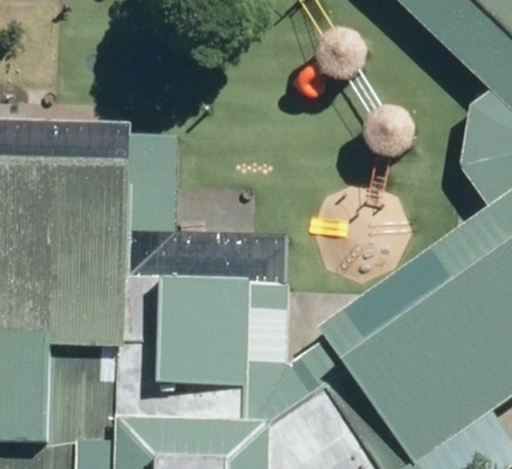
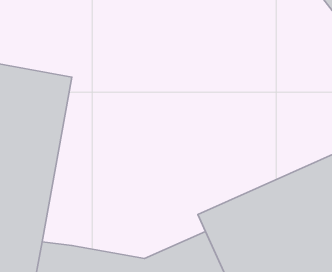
building: [154,272,256,395] -> none

